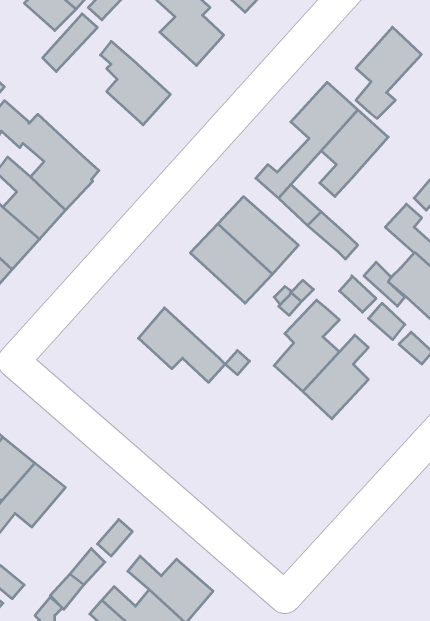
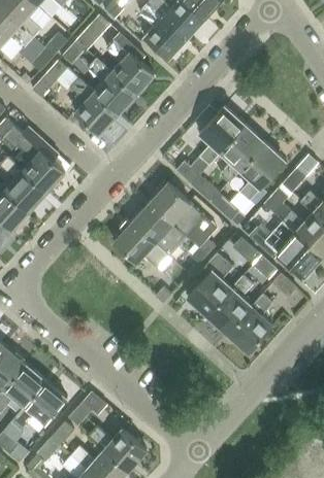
building: none -> [88,59,135,114]
building: [356,27,421,118] -> [240,143,285,205]
building: [138,308,225,382] -> [114,221,172,272]
building: none -> [227,295,272,355]
building: none -> [11,380,67,430]

